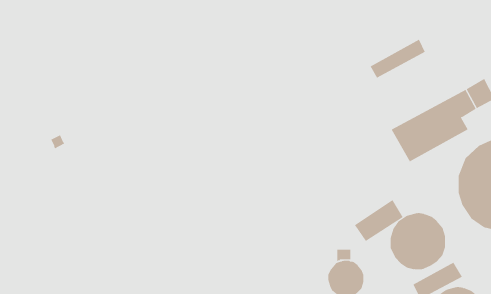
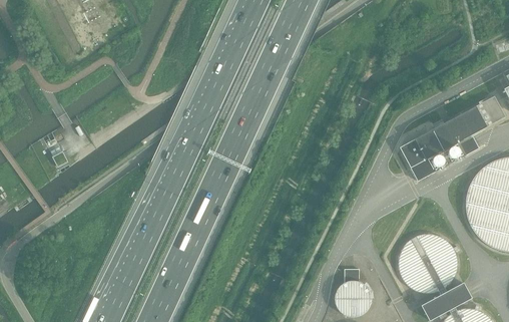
building: [370,39,425,79] -> none
building: [354,199,404,242] -> none

